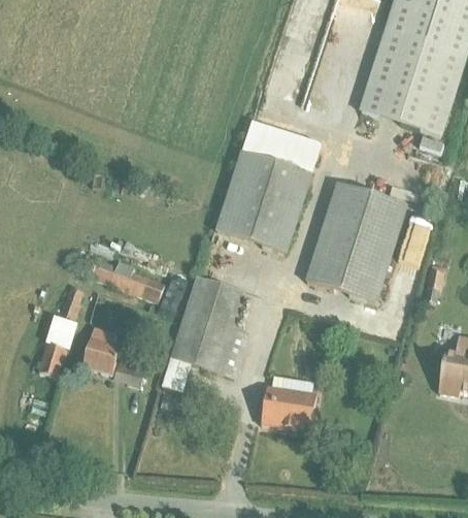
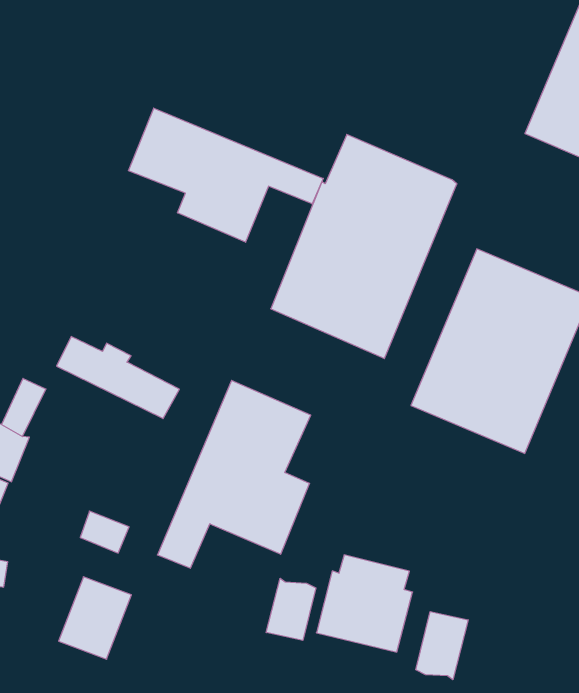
building: none -> [129,108,323,242]
building: [82,325,124,374] -> [59,577,131,659]
building: none -> [266,578,316,640]
building: none -> [416,612,468,680]

